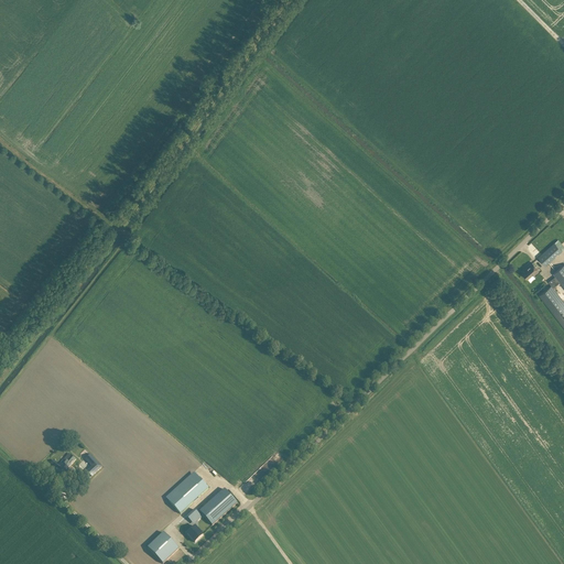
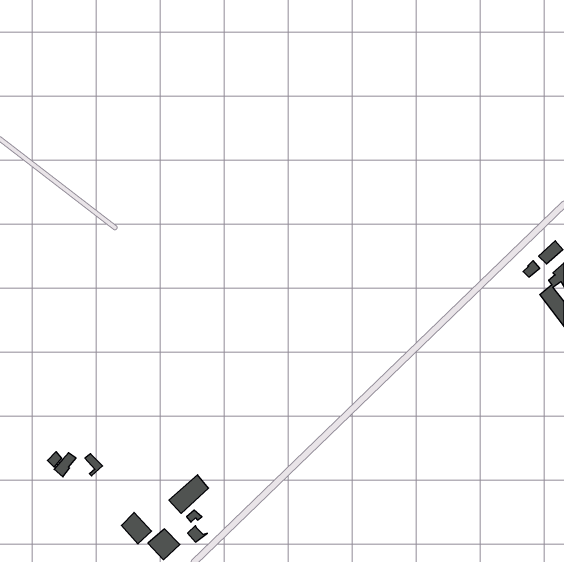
building: [199,488,237,523] -> none
building: none -> [121,512,152,544]

